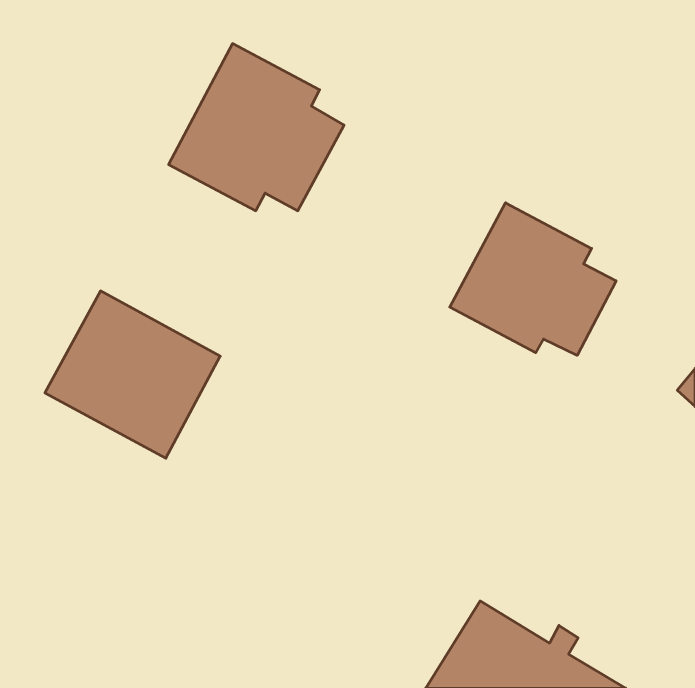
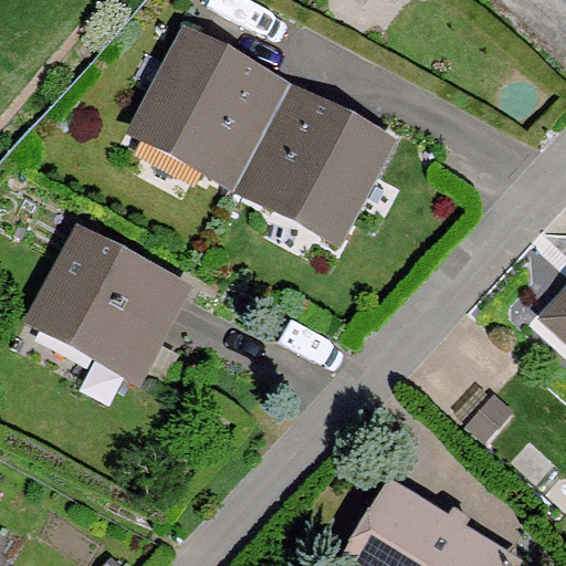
building: none -> [242,102,385,238]
building: [450,203,616,355] -> none

